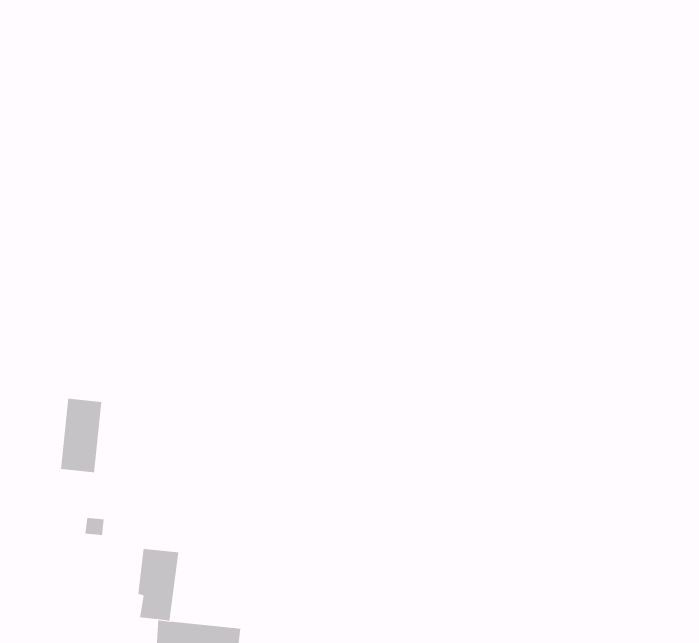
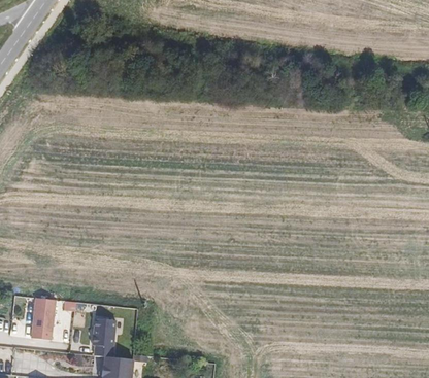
building: [60,398,102,473] -> [29,296,53,338]

